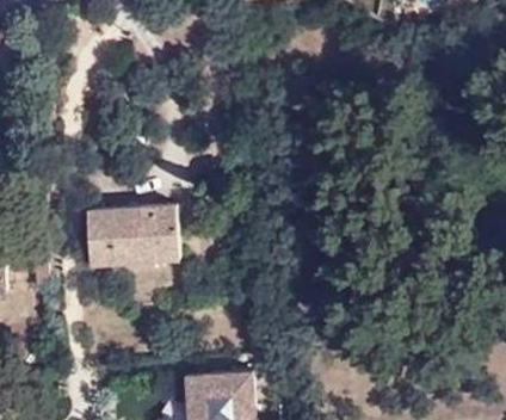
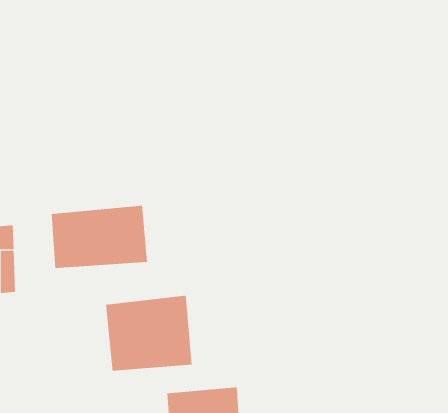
building: none -> [105,295,192,371]

